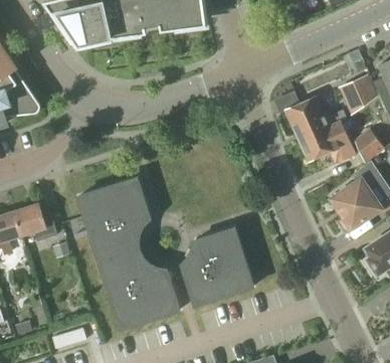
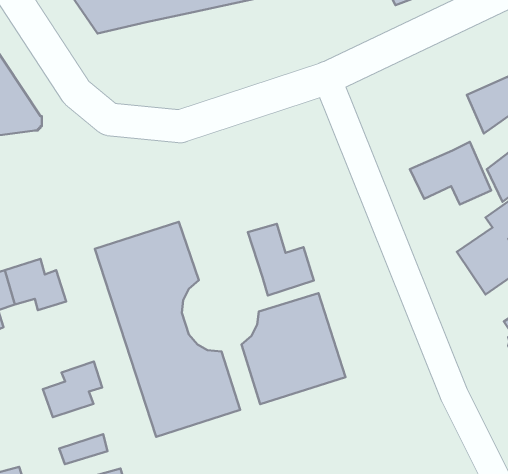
building: [285,98,346,141] -> none
building: none -> [248,224,314,296]
building: none -> [43,362,102,417]

